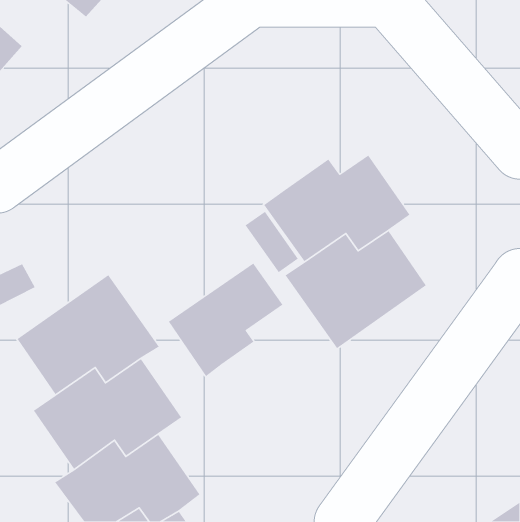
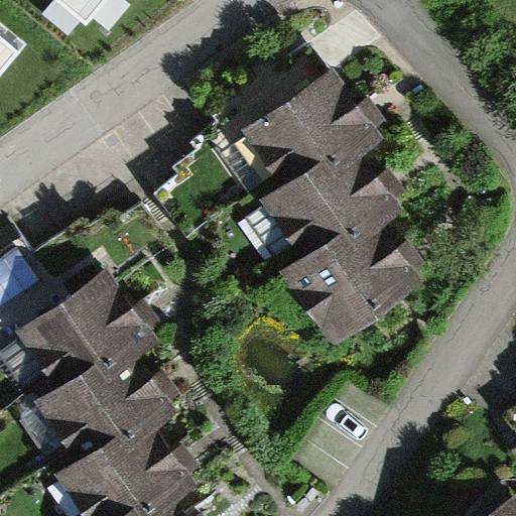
building: none -> [242,70,380,186]
building: [168,262,283,377] -> none

